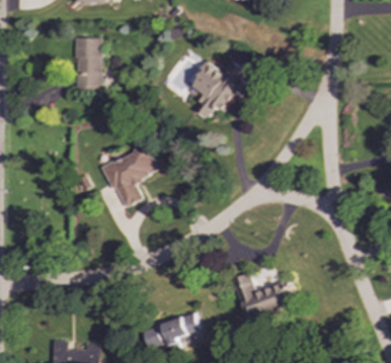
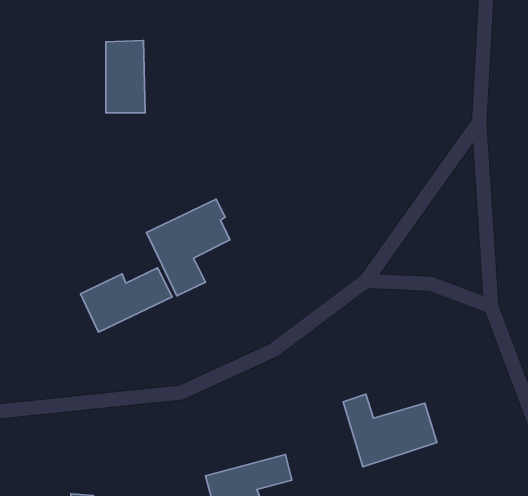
building: [192,60,249,116] -> none
building: none -> [81,268,172,332]

